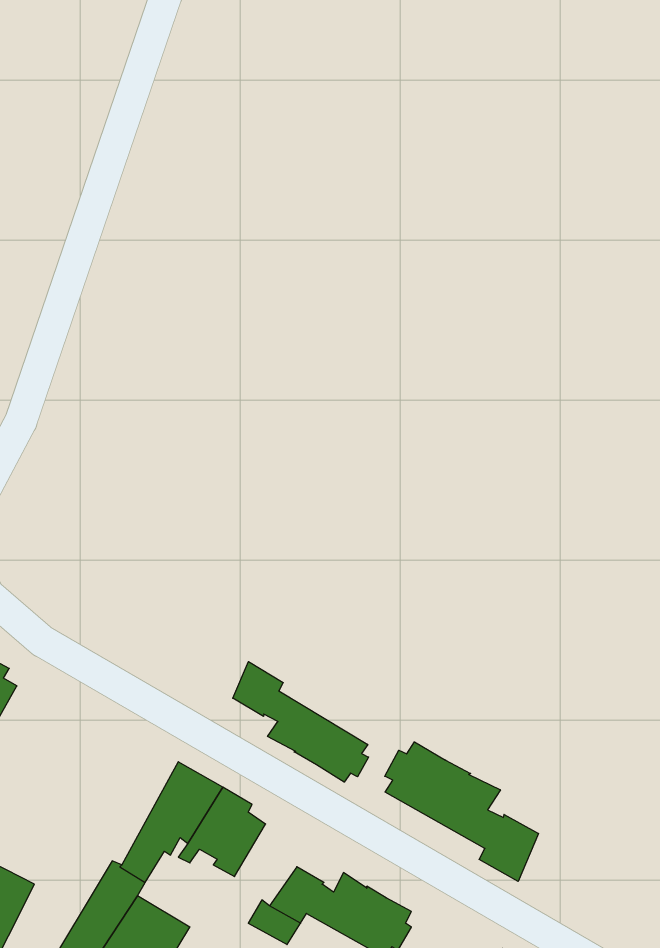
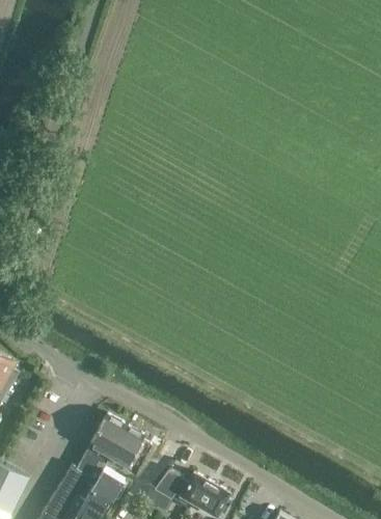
building: [233,662,369,782] -> none
building: [385,742,538,881] -> none
building: none -> [83,455,124,502]

